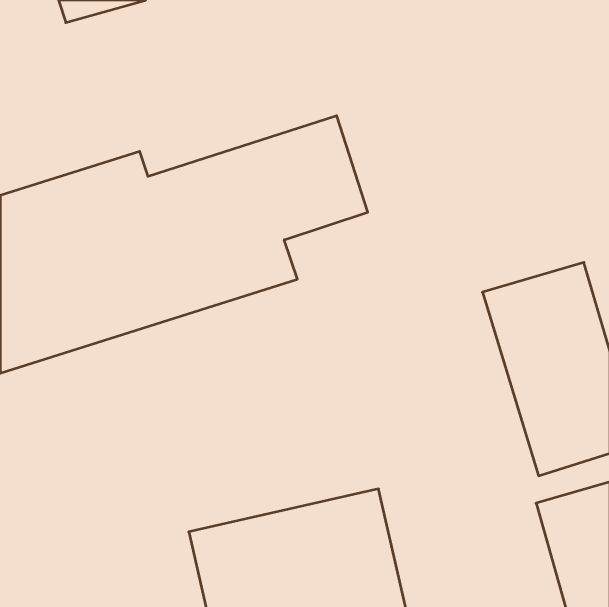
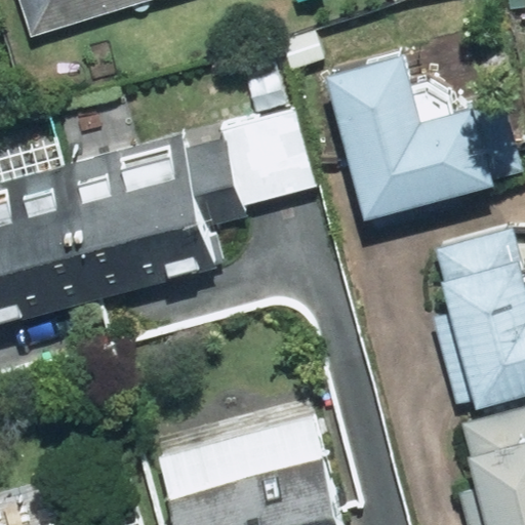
building: none -> [315,56,488,215]

